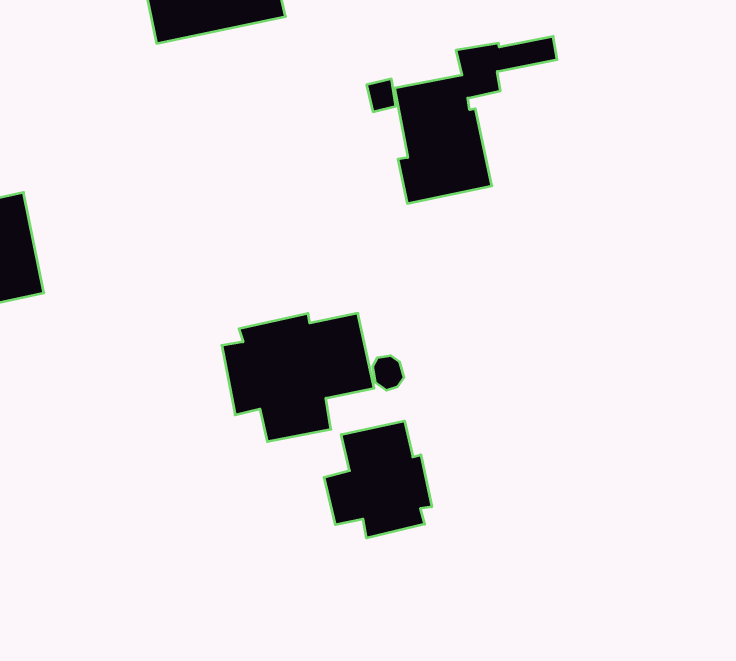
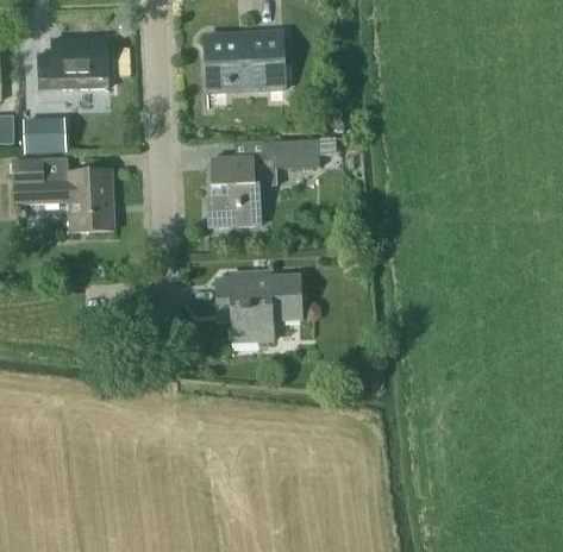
building: [394,36,557,203] -> [208,140,313,227]
building: [324,421,432,538] -> none

